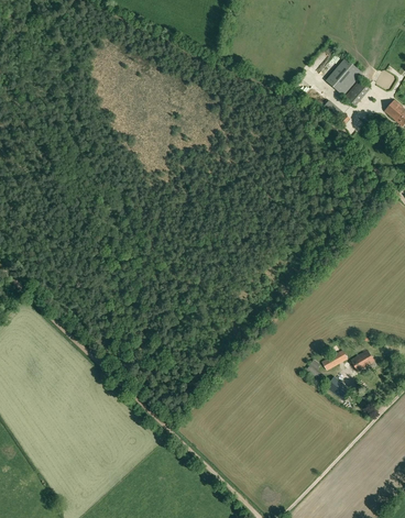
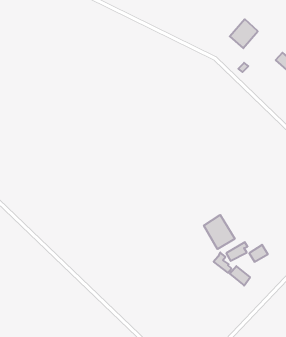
building: none -> [204,215,235,249]

